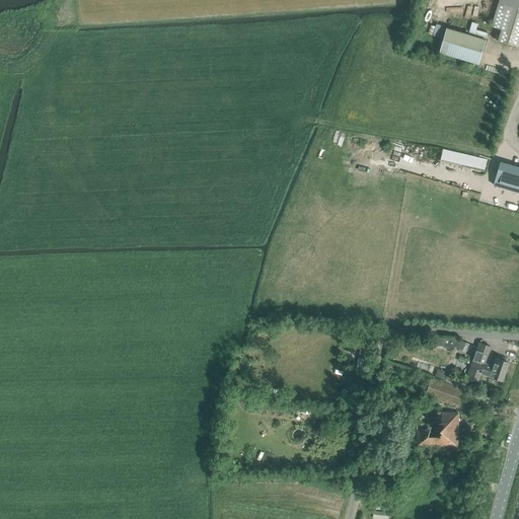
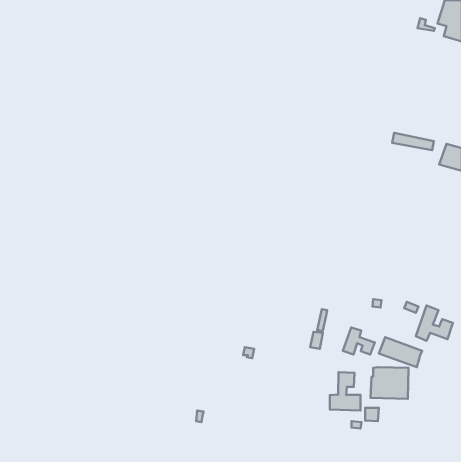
building: [440,28,487,64] -> none
building: none -> [343,328,375,355]
building: none -> [330,372,361,410]

